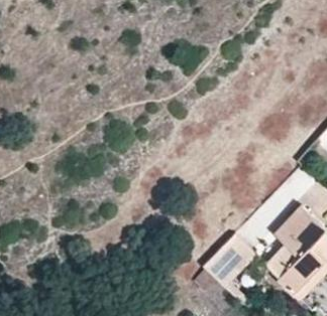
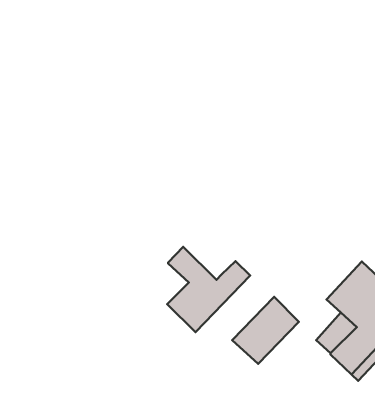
building: none -> [167,247,250,332]

